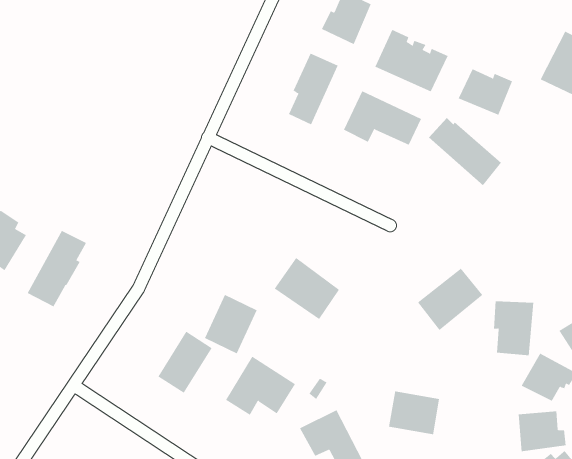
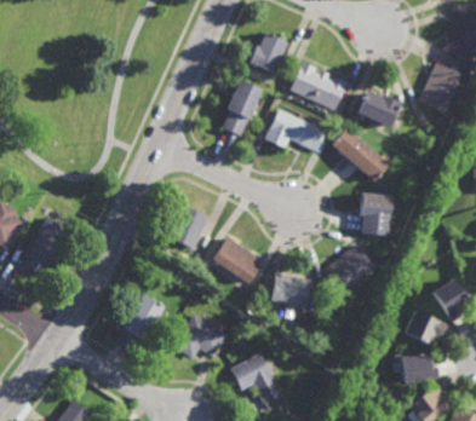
building: [204,294,258,354] -> [166,203,207,249]
building: [493,301,534,356] -> [360,194,391,236]
building: [388,391,440,435] -> [270,275,310,308]

